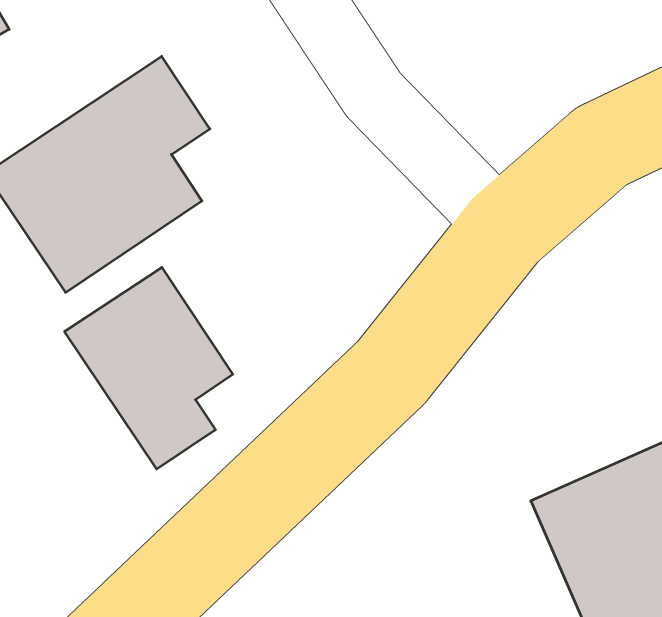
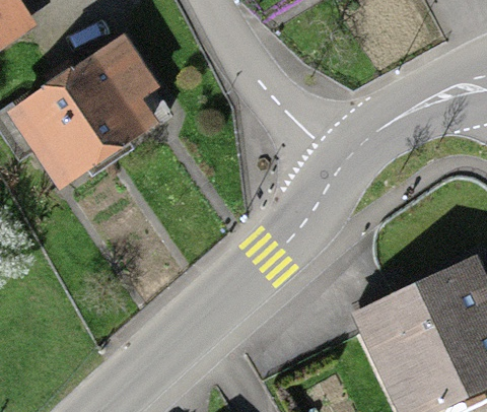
building: [65,267,233,469] -> none

